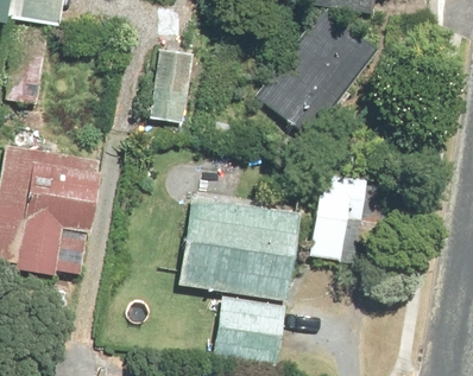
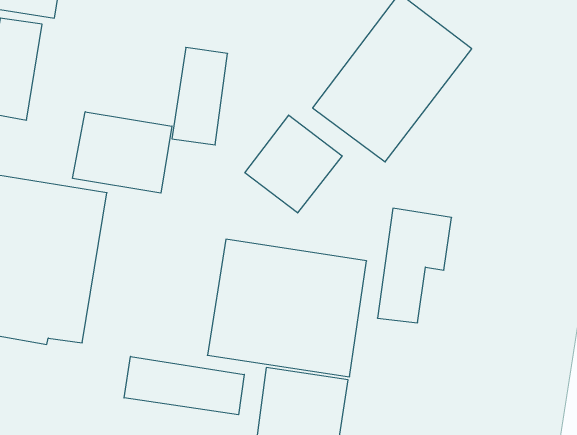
building: none -> [73,112,172,193]
building: none -> [245,115,342,213]
building: none -> [124,356,244,415]

